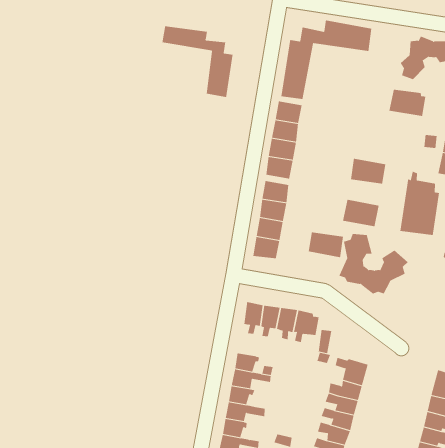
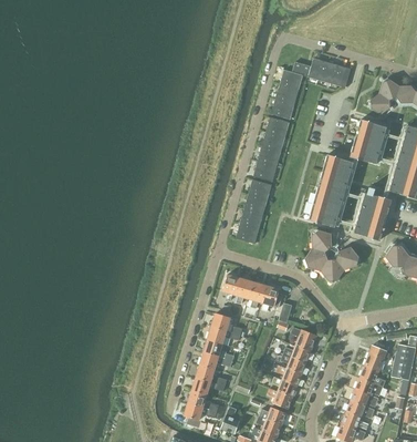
building: [162,25,233,98] -> none
building: none -> [352,135,383,160]
building: none -> [324,153,354,177]
building: [308,232,344,258] -> [315,186,345,209]

